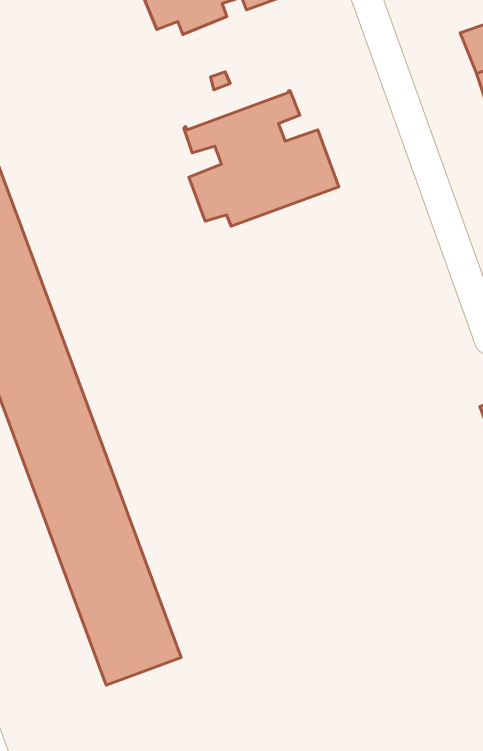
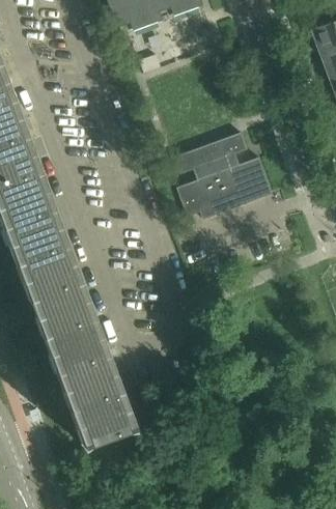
building: [184,91,339,226] -> [175,133,274,219]

